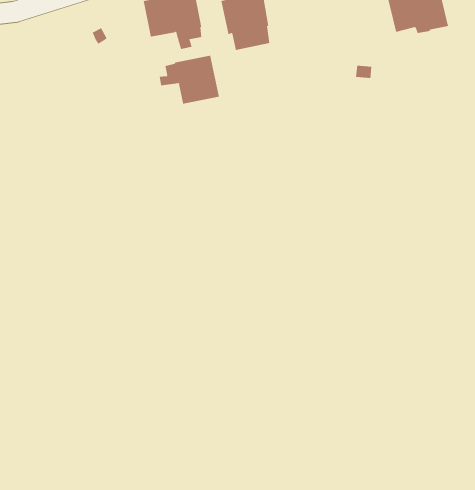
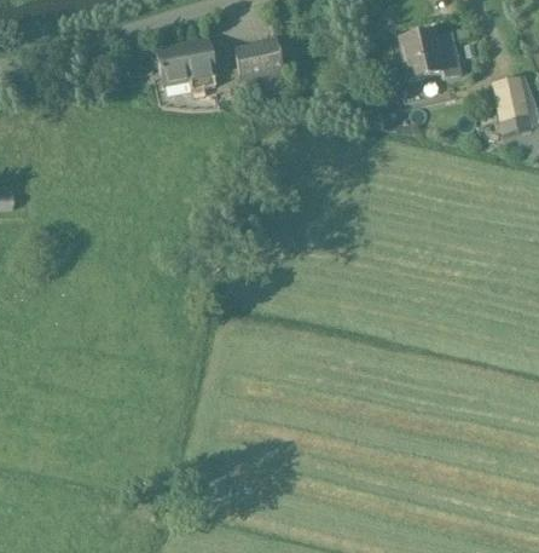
building: [159,55,220,104] -> none

